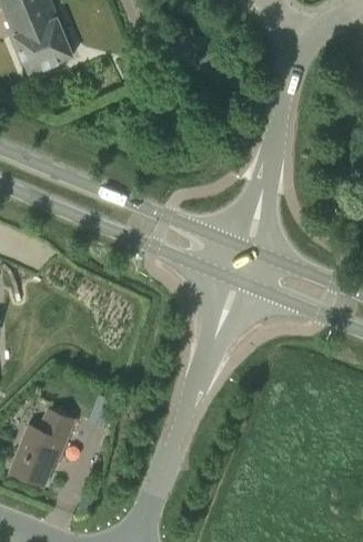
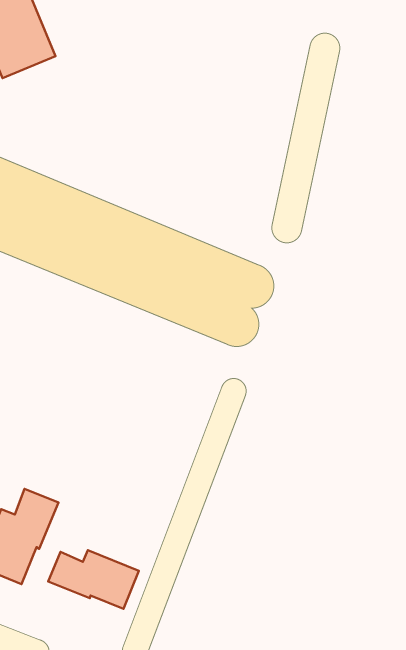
building: none -> [48,550,139,609]

